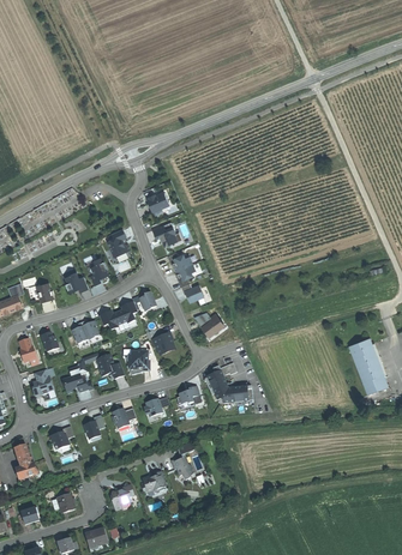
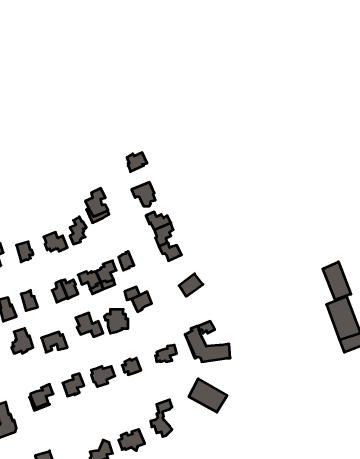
building: none -> [323,262,351,300]
building: none -> [189,379,227,412]

